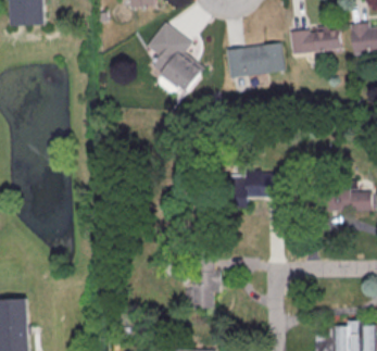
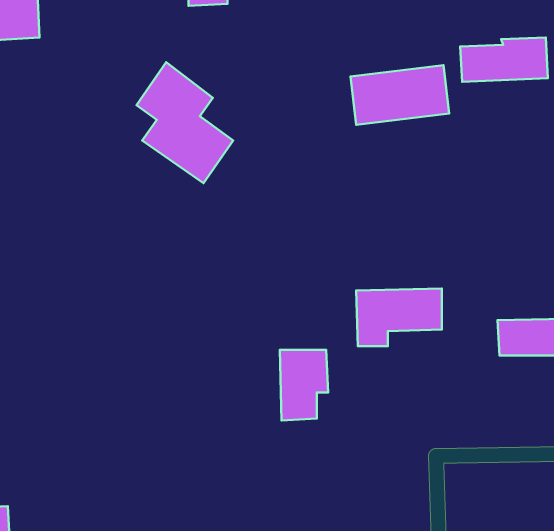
building: [146,22,202,92] -> [136,62,233,183]
building: [191,266,219,308] -> [280,350,328,420]

